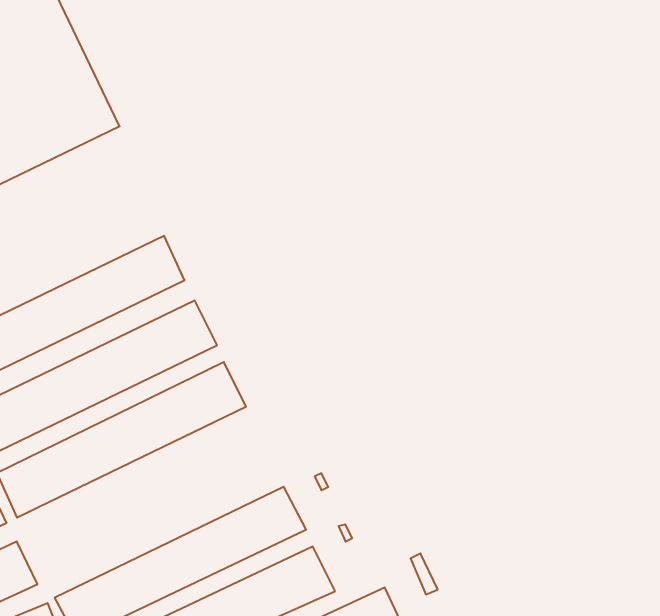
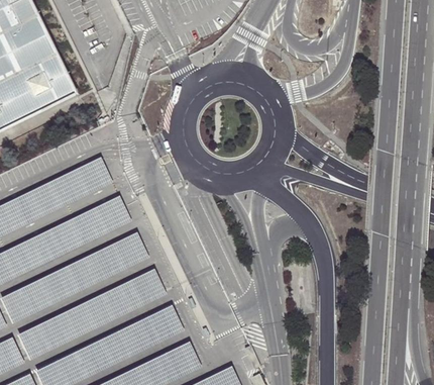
building: none -> [17,267,165,359]

